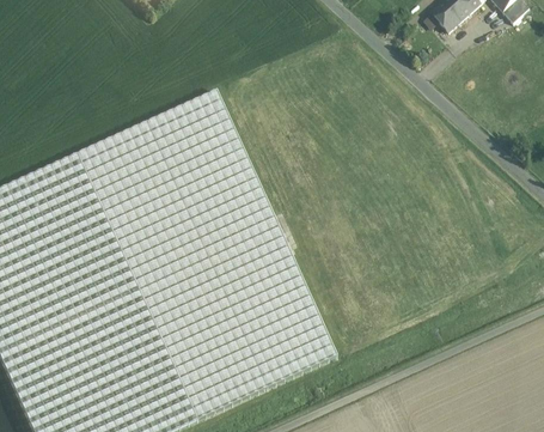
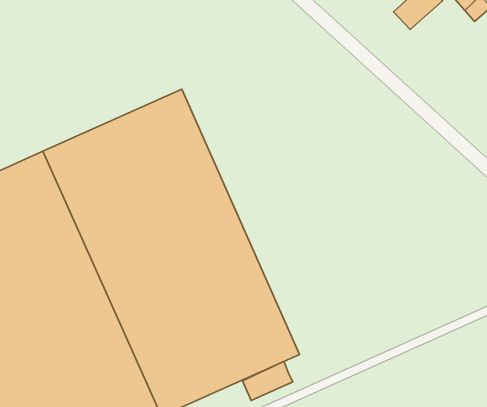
building: none -> [243,362,293,400]

